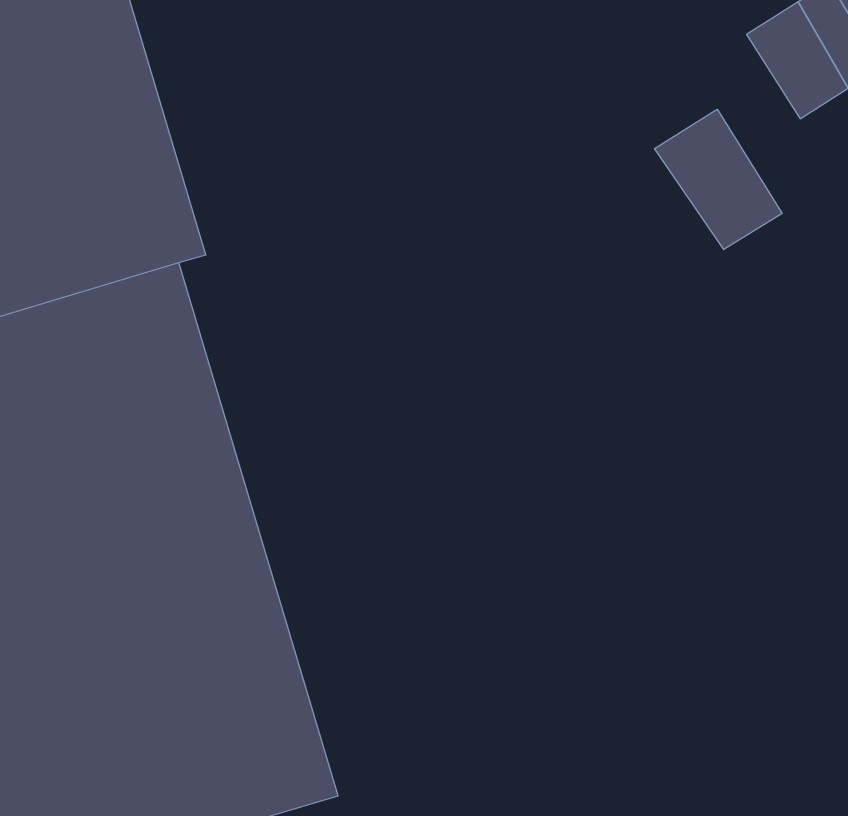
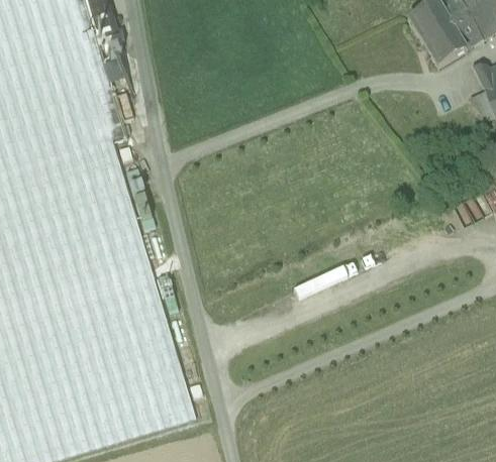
building: [655,109,782,250] -> none

